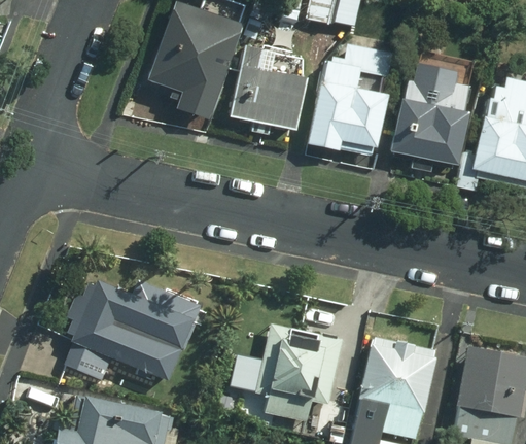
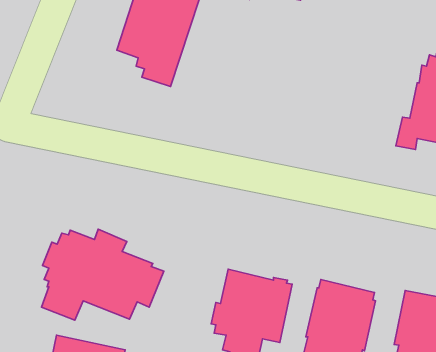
building: [230,42,306,134] -> none
building: [308,44,394,150] -> none
building: [392,63,468,170] -> none

